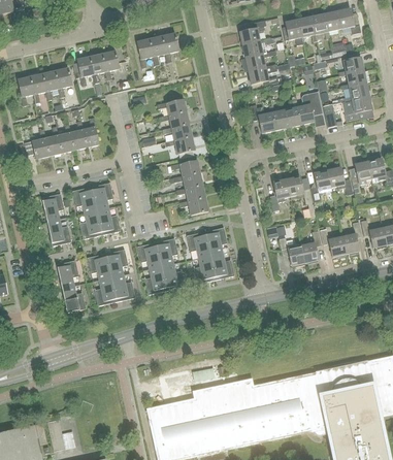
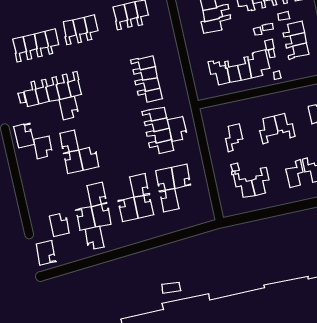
building: [249,64,280,85] -> none
building: [342,96,372,121] -> none
building: [352,160,372,193] -> none
building: none -> [168,116,186,141]
building: [287,175,316,216] -> none
building: [92,182,114,209] -> [59,96,78,120]
building: [47,216,72,244] -> [13,123,34,148]
building: [320,228,347,257] -> none
building: [138,241,162,268] -> none
building: [89,252,111,278] -> [85,226,104,249]
building: [210,252,234,278] -> none
building: [58,259,81,288] -> [36,241,56,265]

